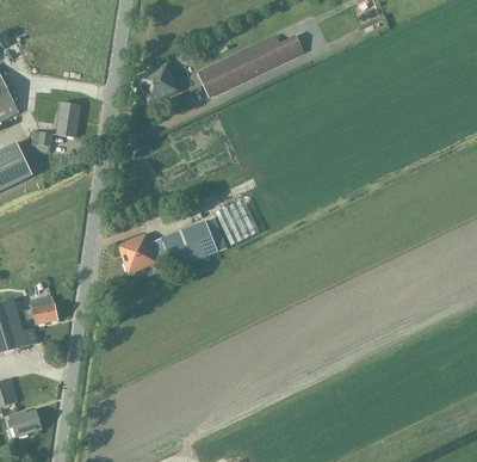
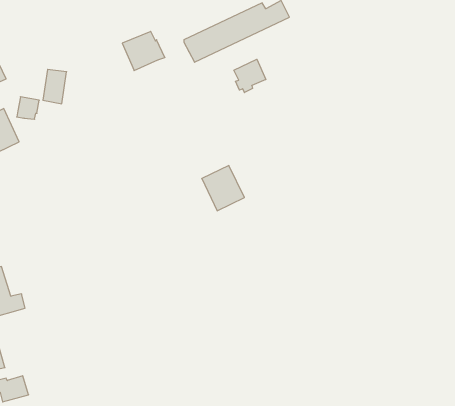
building: none -> [234,59,266,93]
building: [118,216,227,273] -> none
building: [24,296,58,325] -> none

